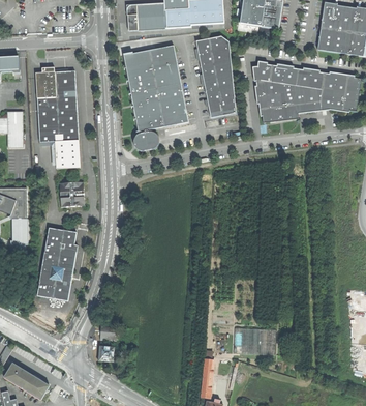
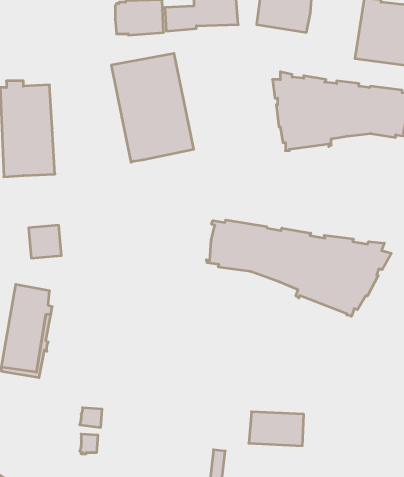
building: [195,35,236,116] -> none
building: [133,130,158,149] -> none
building: [54,140,80,168] -> none
building: none -> [206,220,391,316]

